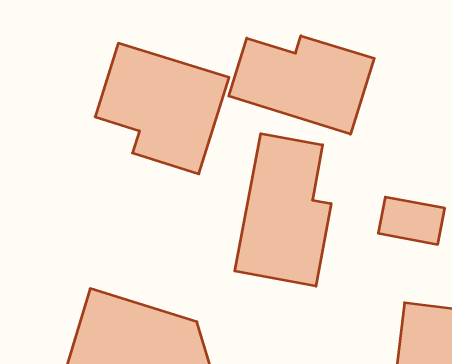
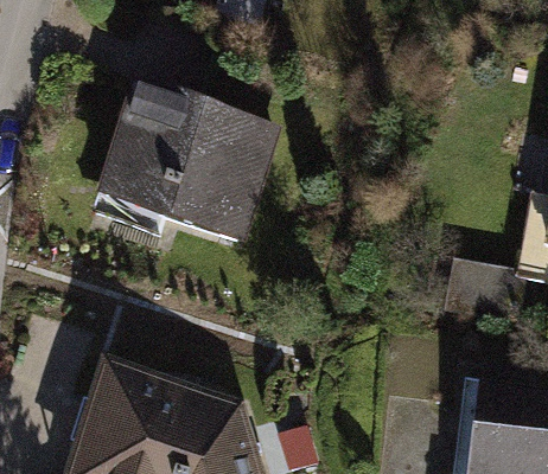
building: [229,36,374,134] -> none
building: [235,134,331,286] -> none

